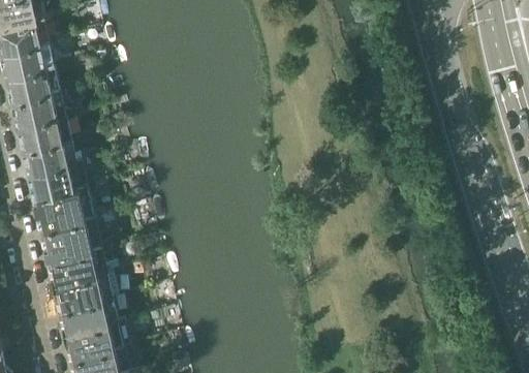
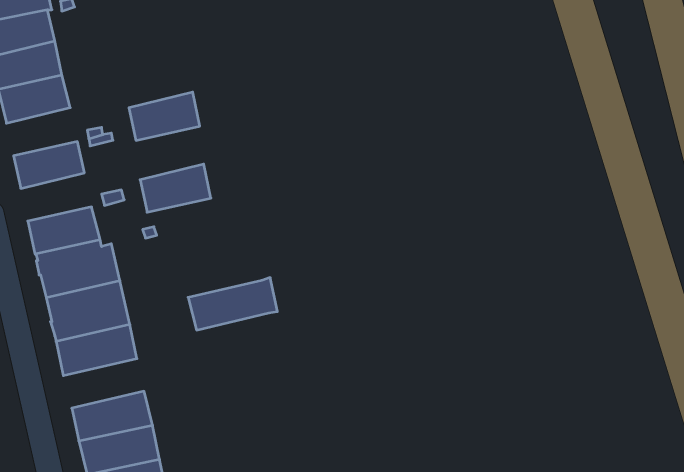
building: [9,84,61,119] -> [129,92,200,140]
building: [20,131,71,166] -> [140,164,211,212]
building: [51,265,116,303] -> [188,278,277,330]

